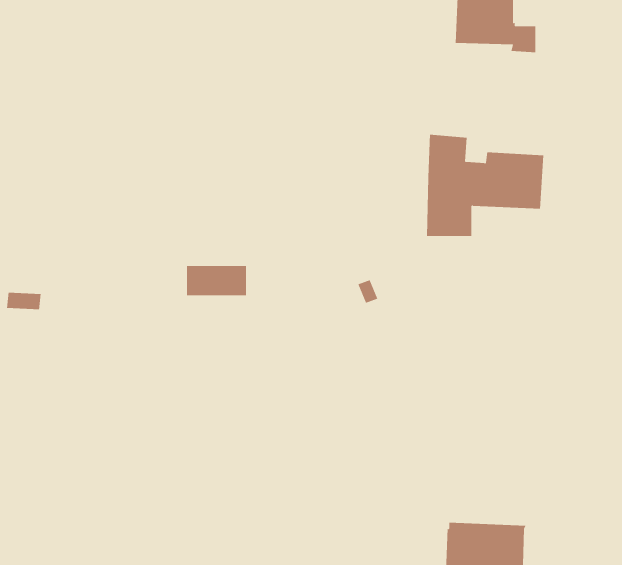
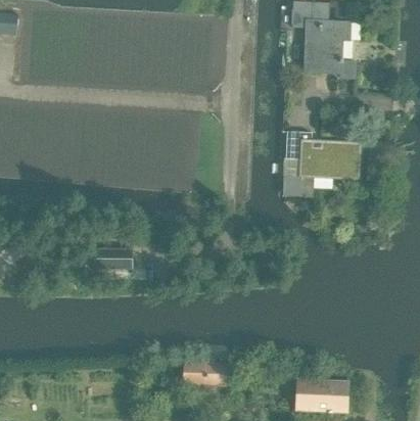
building: [186,266,247,296] -> [94,249,133,269]
building: none -> [182,357,226,385]

